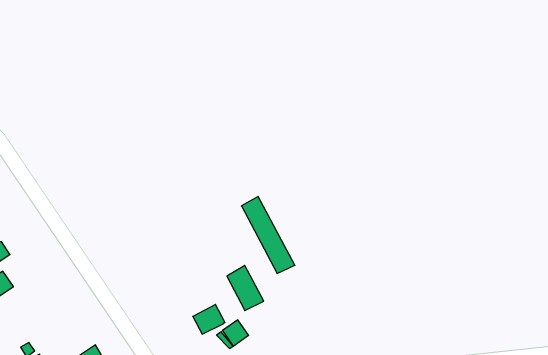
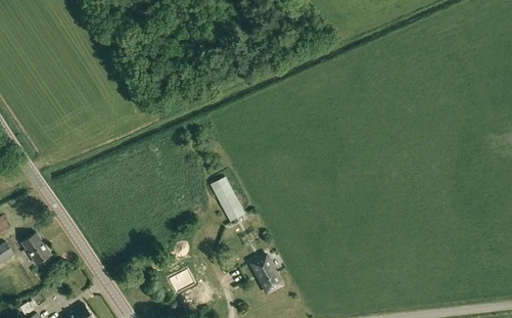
building: none -> [20,233,50,265]
building: [227,265,264,311] -> [250,255,282,293]

